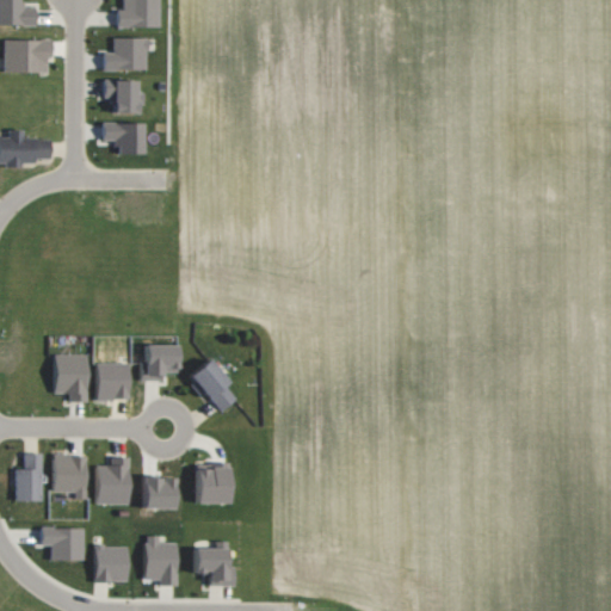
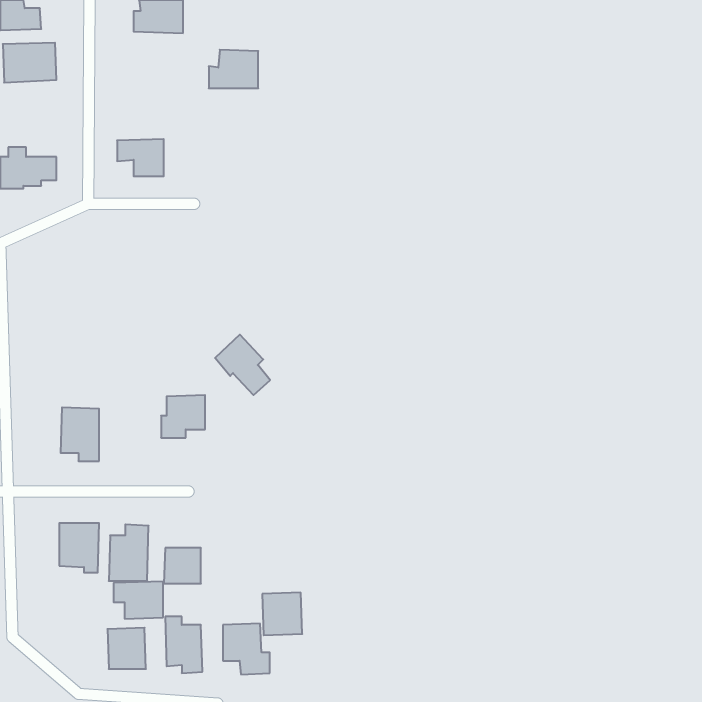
building: [104,37,147,70] -> [209,50,258,88]
building: [103,79,138,113] -> none
building: [187,358,235,411] -> [215,335,270,395]
building: [97,363,129,399] -> none
building: [14,453,41,500] -> none
building: [196,467,230,504] -> [262,593,302,635]
building: [41,527,84,560] -> [114,582,163,619]

